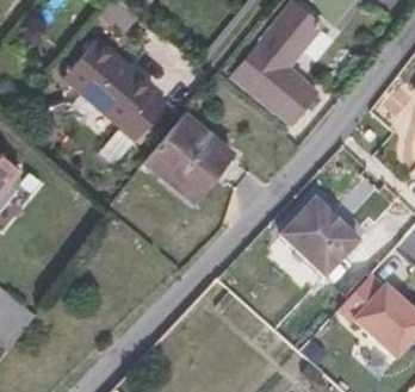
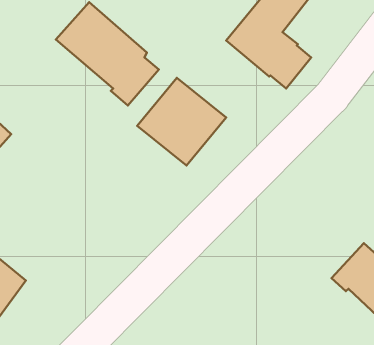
building: [279,200,358,279] -> none

